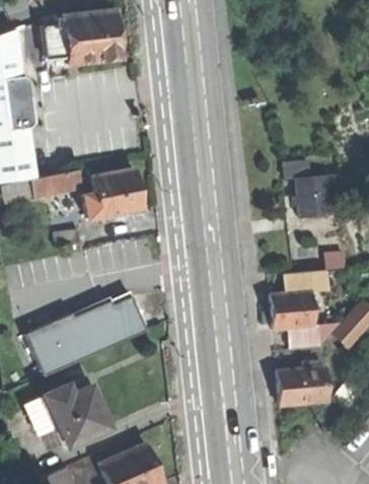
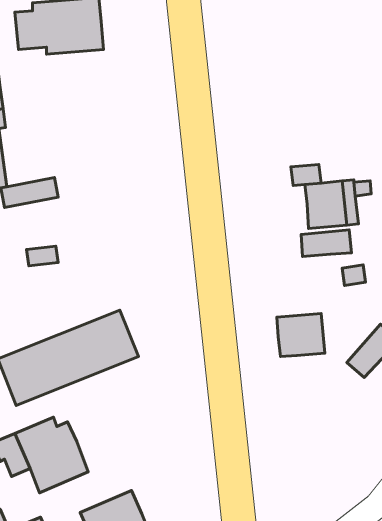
building: [84,171,143,219] -> none
building: [286,269,329,292] -> [301,230,351,256]
building: [290,324,342,348] -> none
building: [279,365,329,405] -> none

